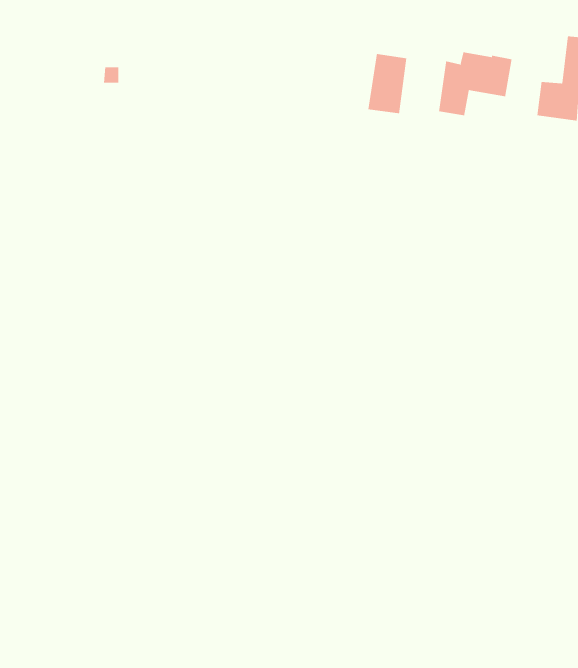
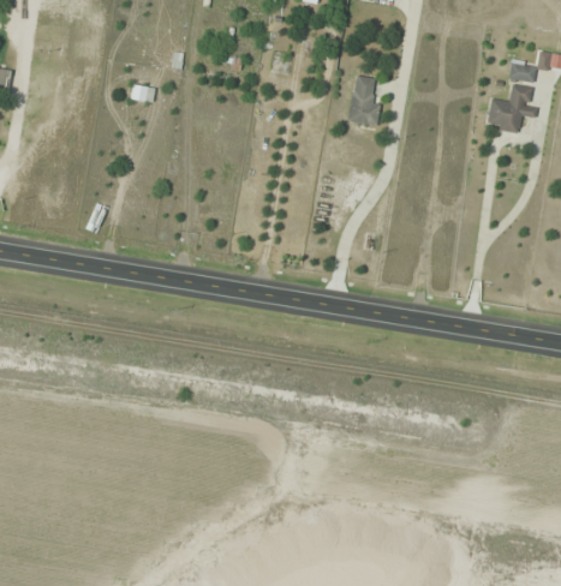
building: [439,52,512,116] -> none

